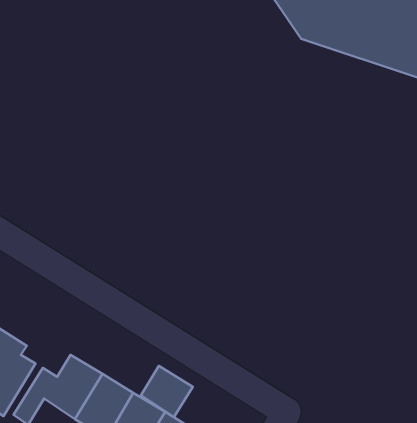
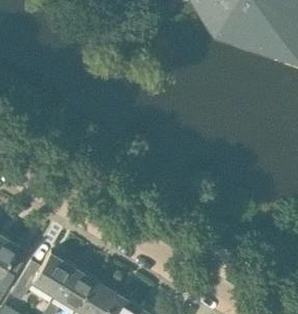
building: [141,366,193,417] -> none

